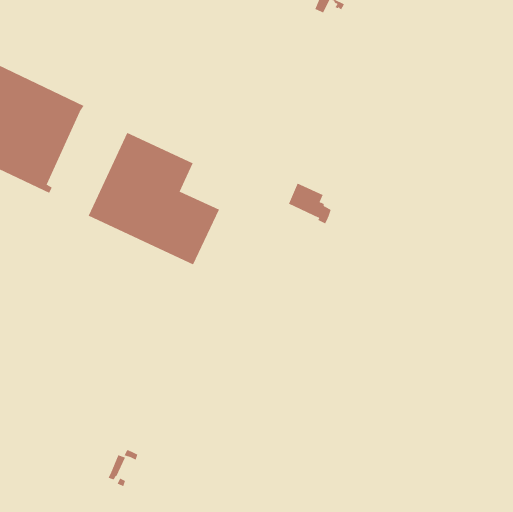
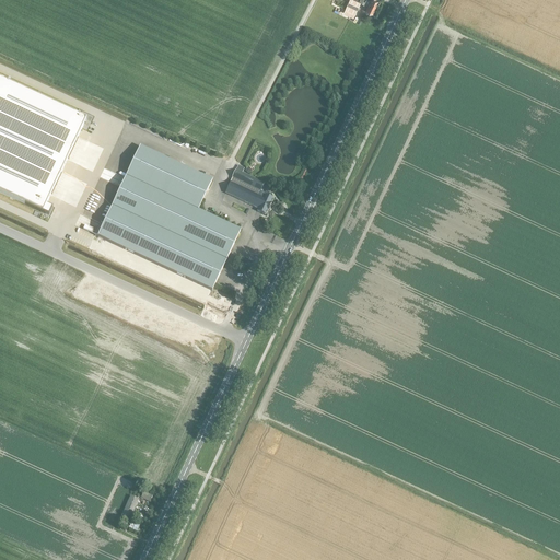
building: [288,183,332,224] -> [223,167,270,212]

